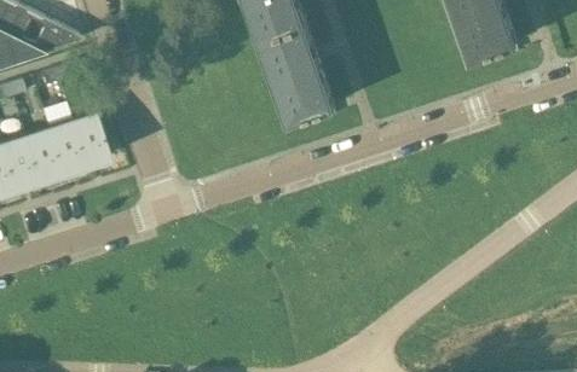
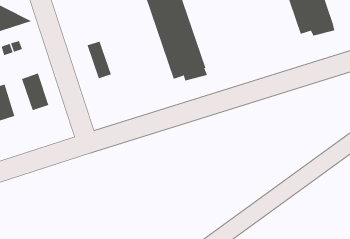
building: none -> [87,41,112,79]
building: [45,121,83,174] -> none

